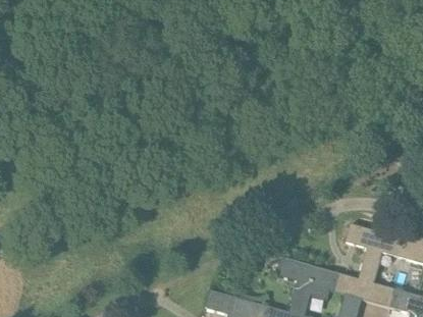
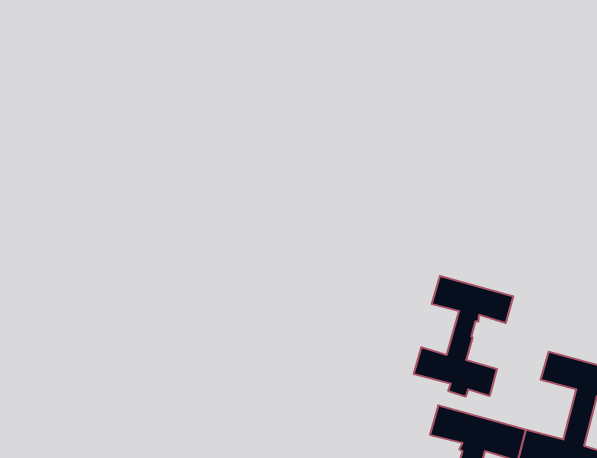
building: none -> [414,276,513,397]

